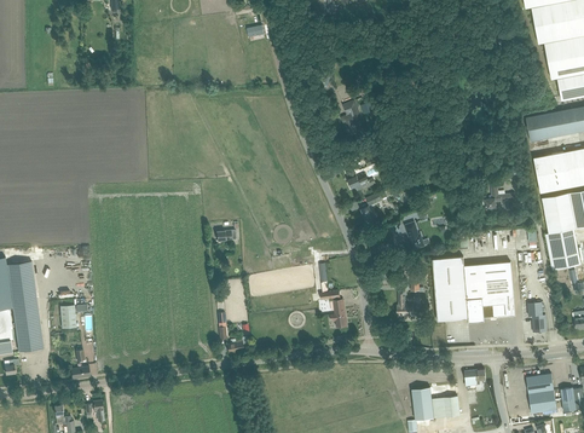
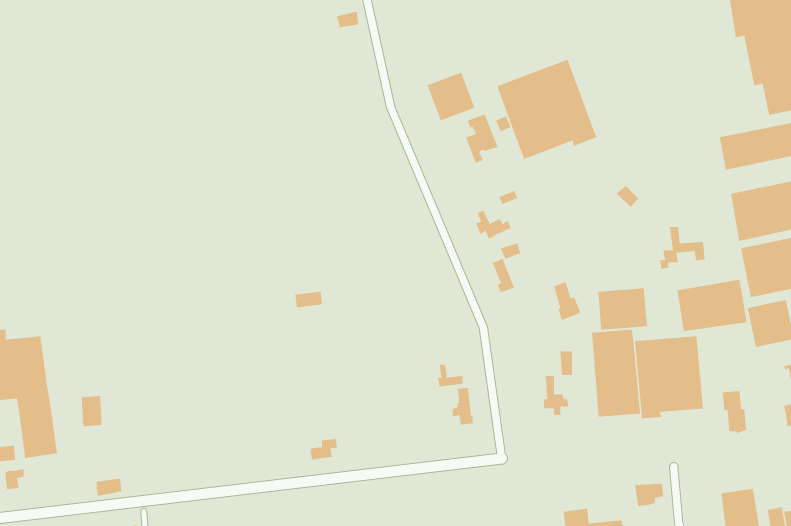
building: none -> [496,59,597,160]
building: none -> [427,72,475,121]
building: none -> [677,279,747,332]
building: none -> [598,288,647,330]

